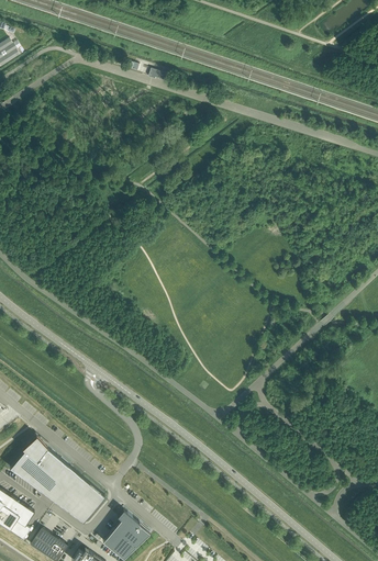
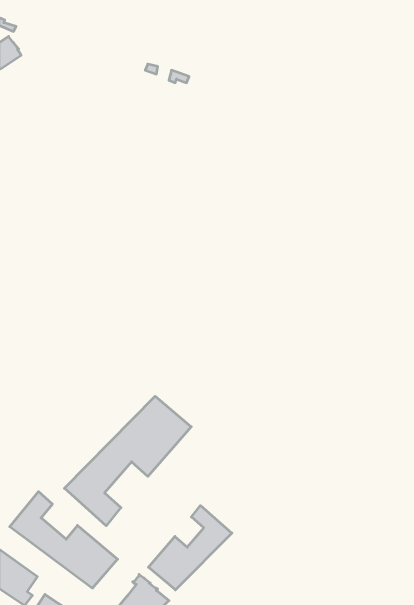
building: none -> [64,396,191,526]
building: none -> [148,506,232,590]

